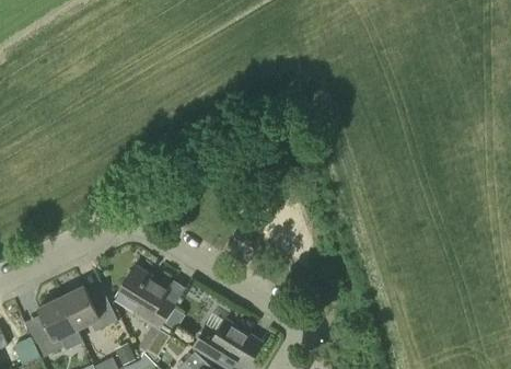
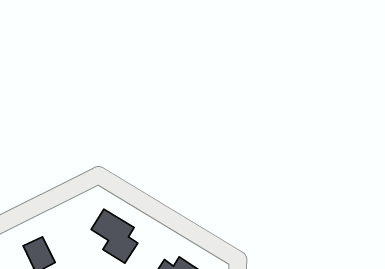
building: [60,286,117,332] -> none

